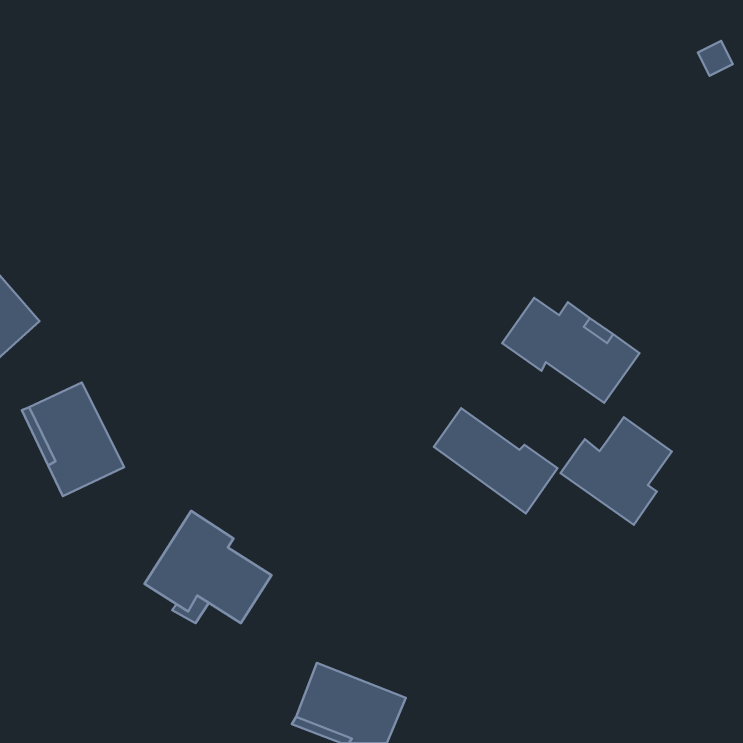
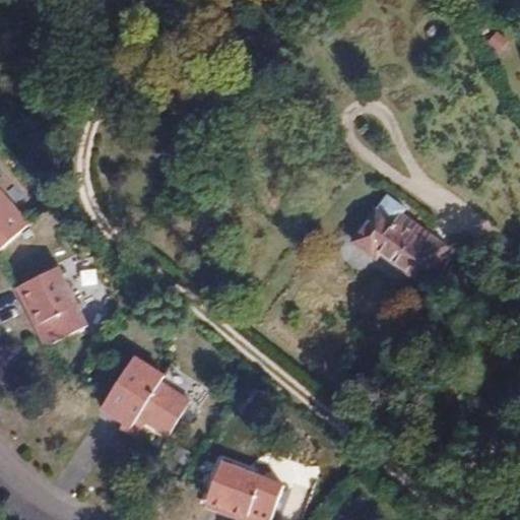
building: [434,408,558,514] -> none
building: [561,417,672,525] -> none

